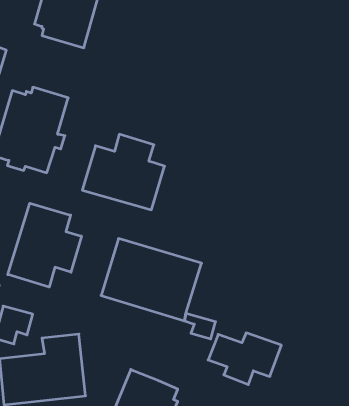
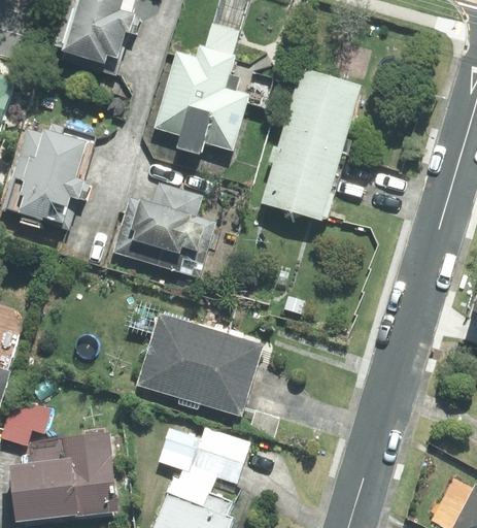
building: none -> [154,23,248,151]
building: none -> [261,68,359,220]
building: [8,203,81,287] -> none
building: [208,333,281,385] -> [158,427,249,492]

